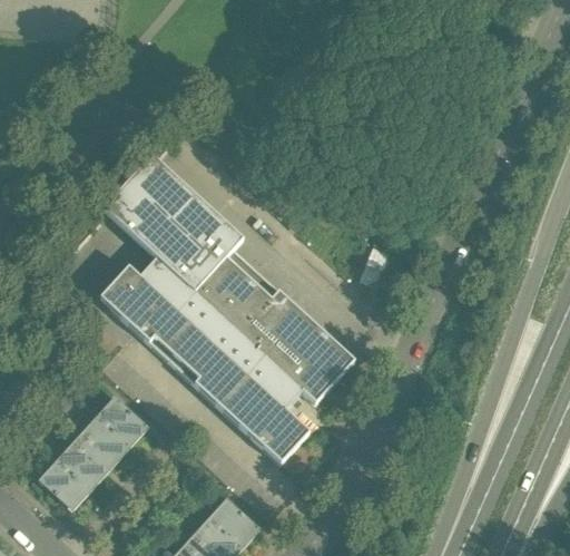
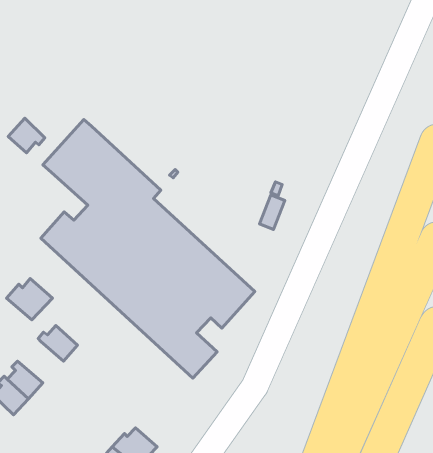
building: none -> [8,118,45,153]
building: [73,420,128,469] -> [7,279,53,320]
building: [209,503,256,545] -> none

